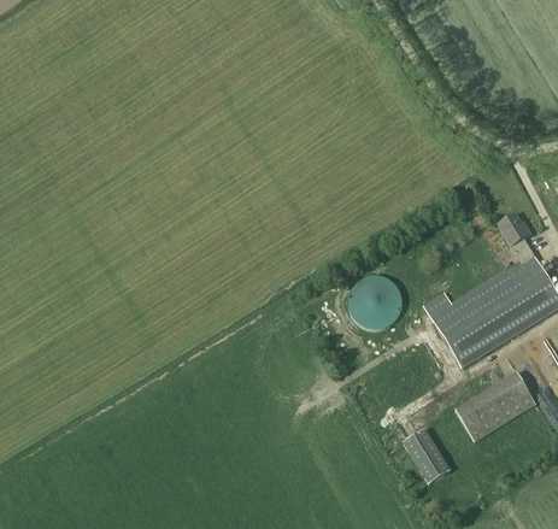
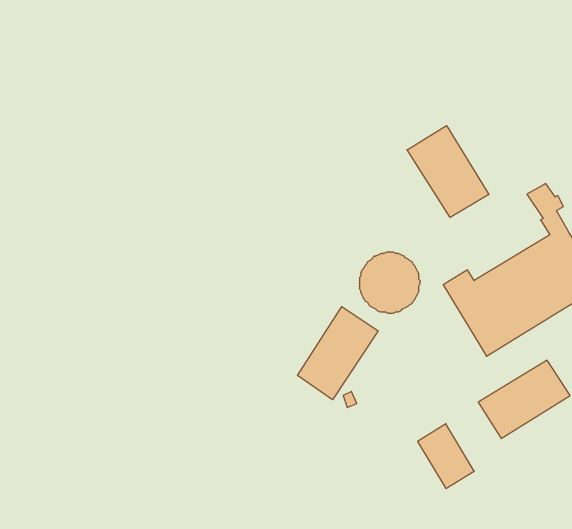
building: none -> [407,126,489,217]
building: none -> [297,307,378,400]

